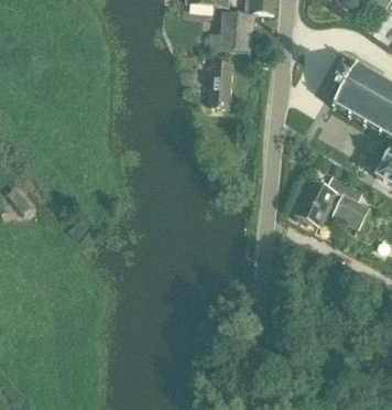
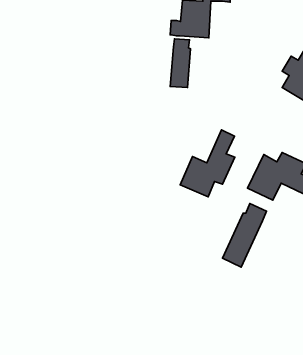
building: none -> [180,130,235,197]
building: none -> [222,203,266,267]

